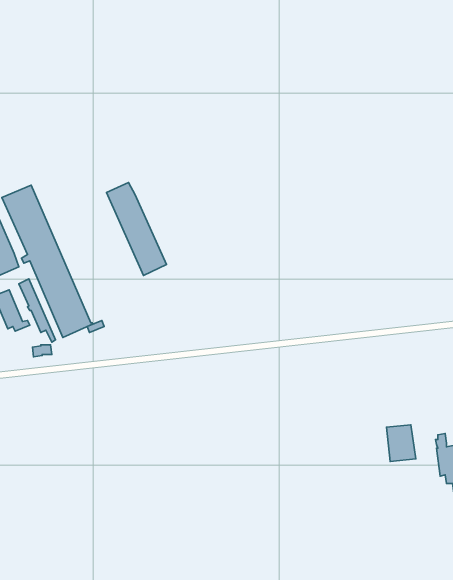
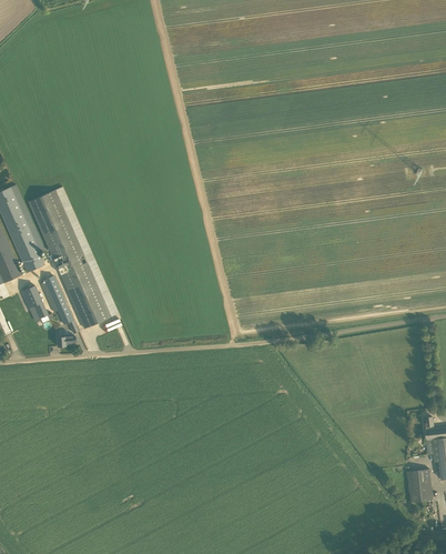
building: [107,183,166,275] -> none
building: [387,425,416,461] -> [406,469,433,502]

